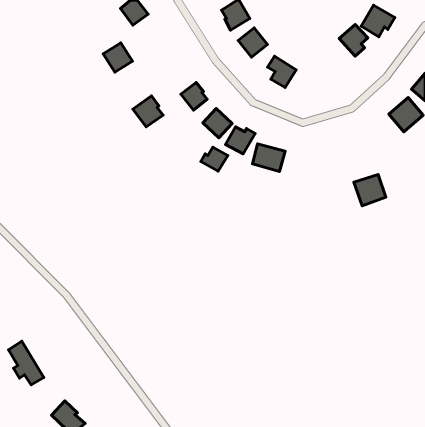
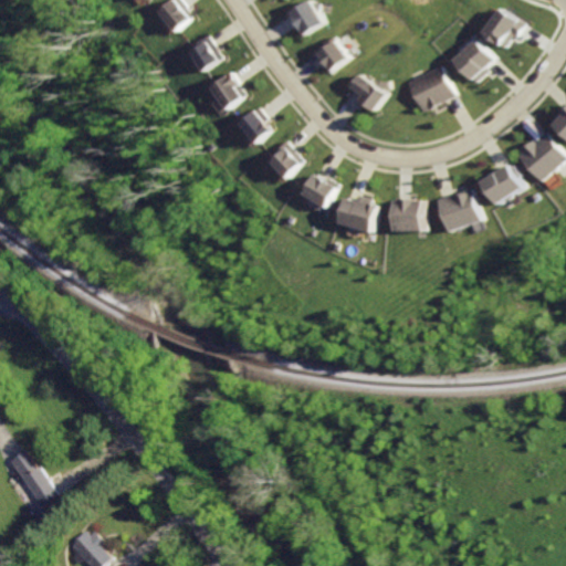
building: [103,43,133,72] -> [186,39,224,77]
building: none -> [405,70,451,116]
building: [133,96,163,127] -> [207,75,247,116]
building: none -> [476,157,515,199]
building: none -> [388,193,422,223]
building: [201,147,228,171] -> none
building: [354,175,386,206] -> [434,185,476,226]

